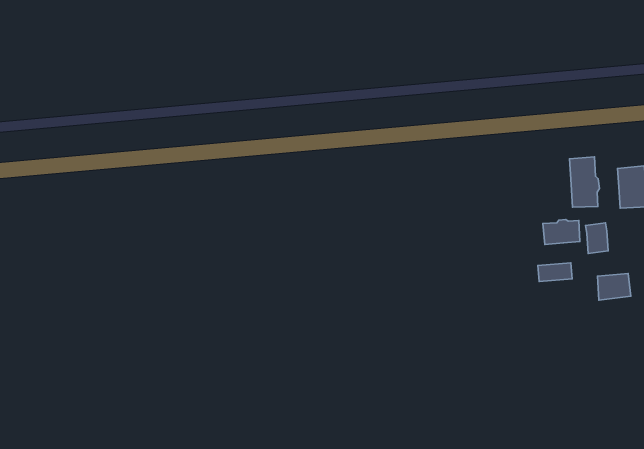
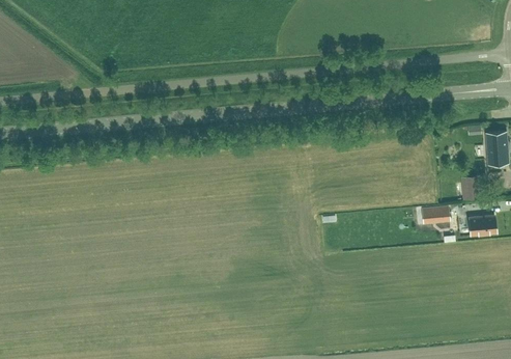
building: [569,157,599,207] -> none
building: [543,219,580,244] -> none

